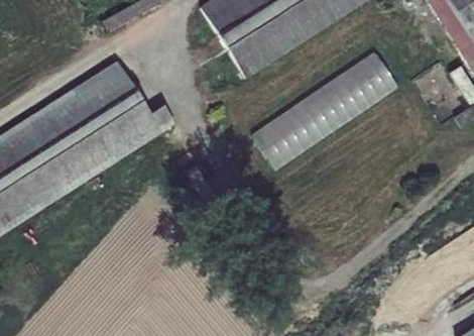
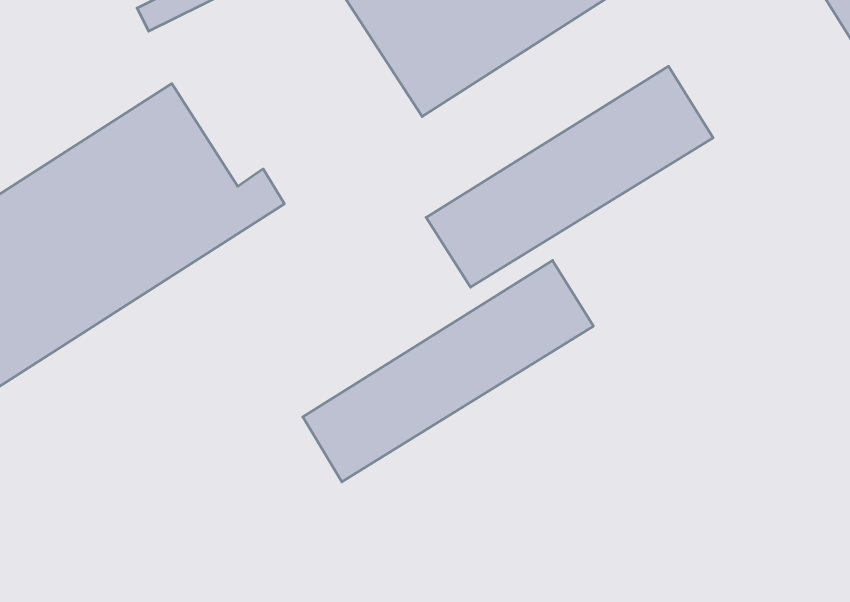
building: none -> [303,260,593,482]

